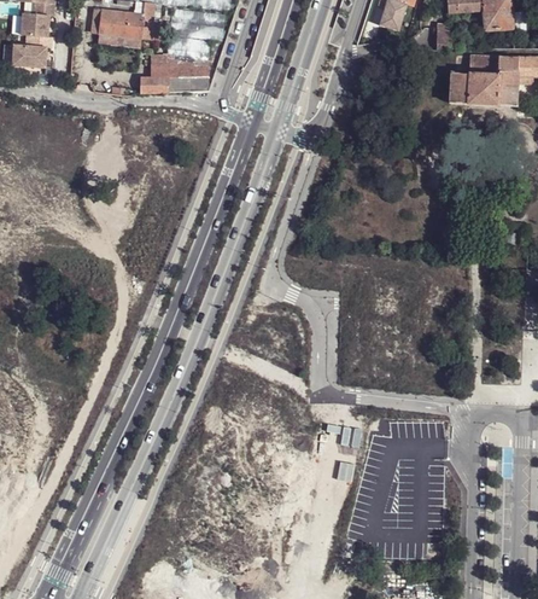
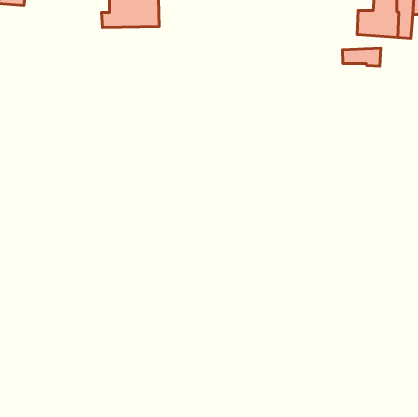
building: none -> [342,48,381,66]

